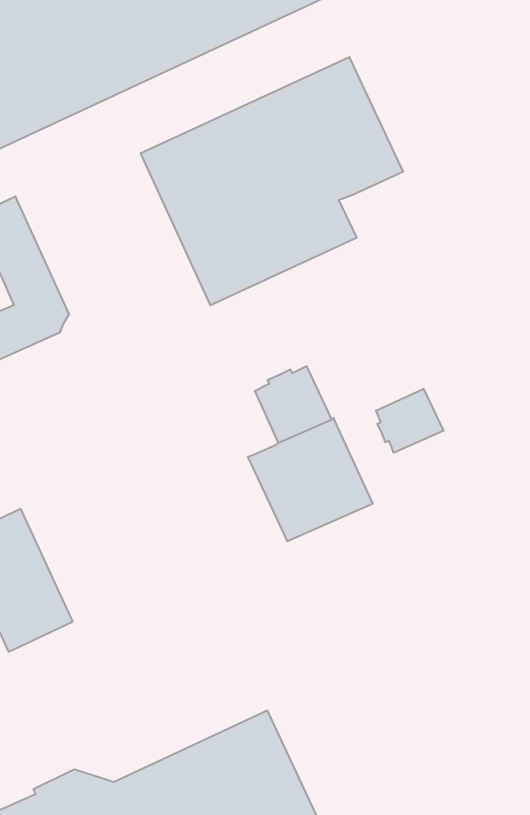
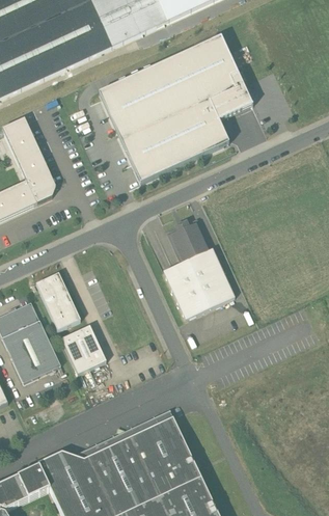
building: [376,389,444,453] -> none
building: none -> [34,271,79,329]
building: none -> [59,324,105,374]

